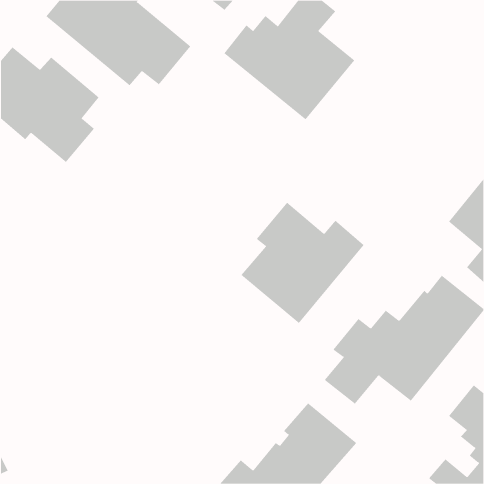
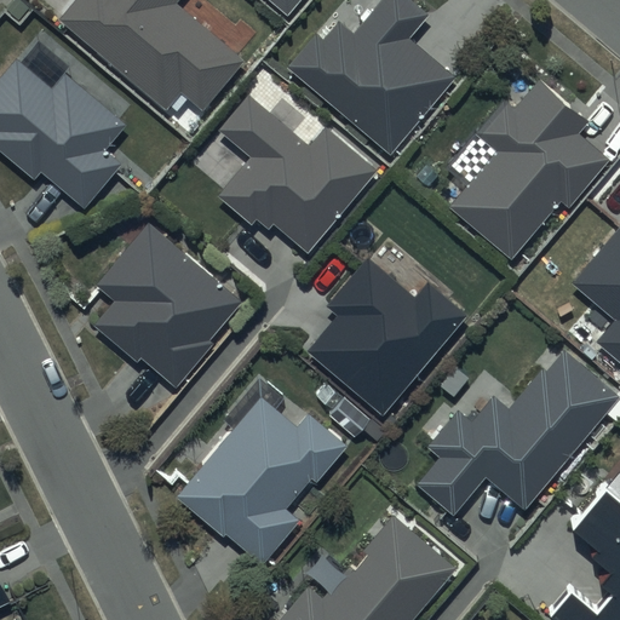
building: none -> [448,79,612,258]
building: none -> [218,96,379,253]
building: none -> [94,225,239,388]
building: none -> [180,397,349,563]

